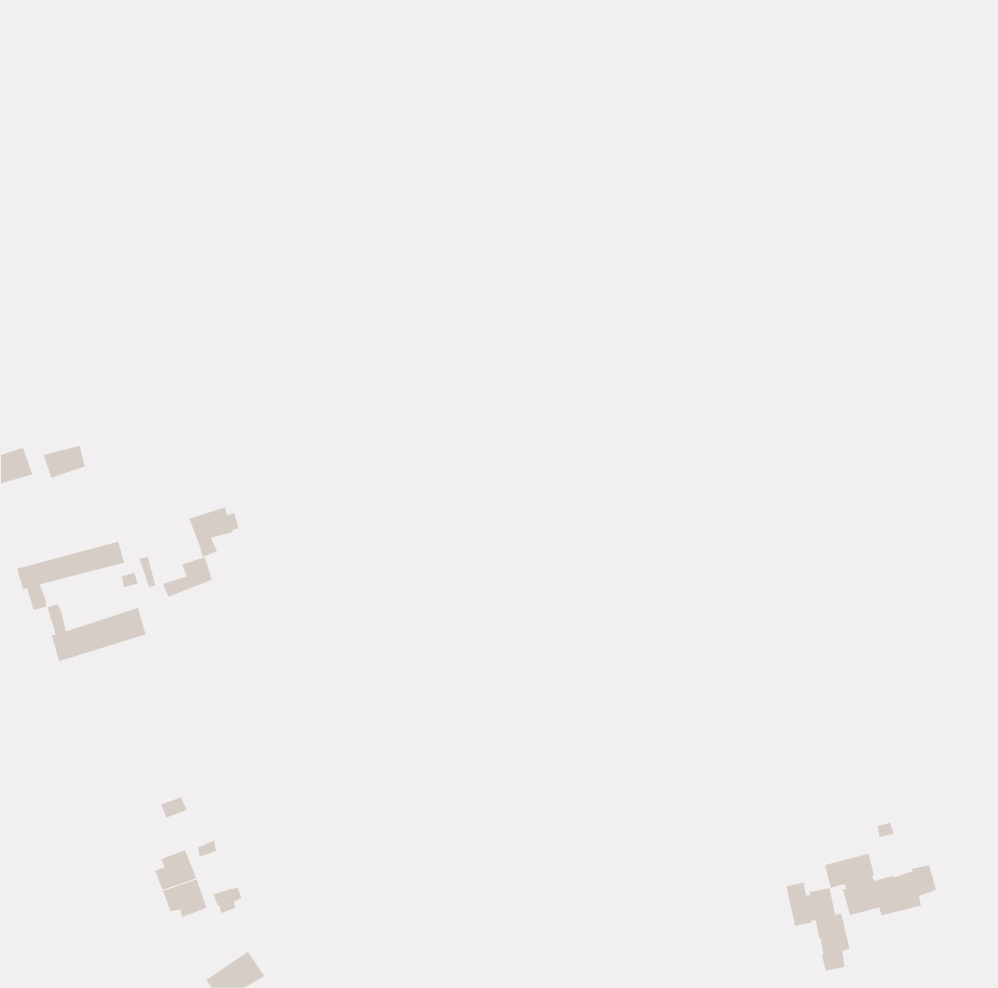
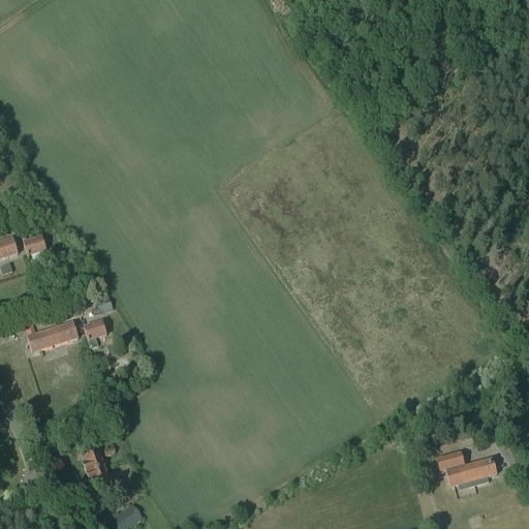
building: [188,507,239,557] -> [83,319,110,346]
building: [16,541,125,611] -> none
building: [786,882,850,972] -> none

